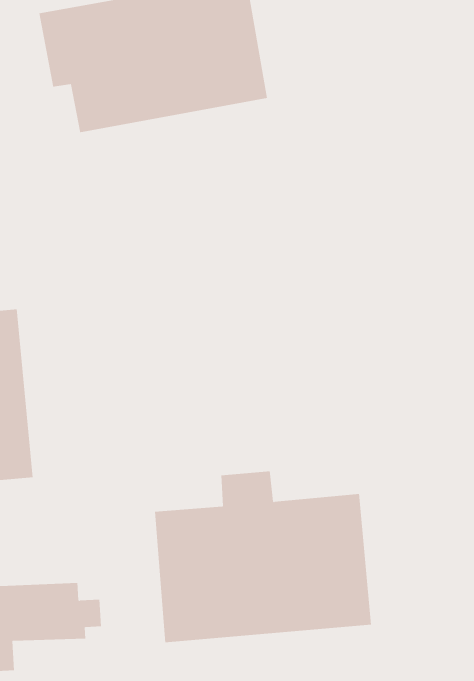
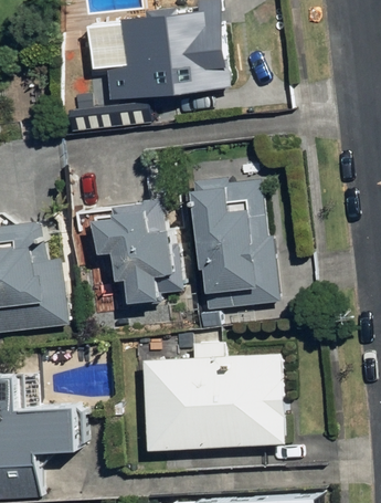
building: none -> [190,181,277,317]
building: none -> [94,197,172,302]

